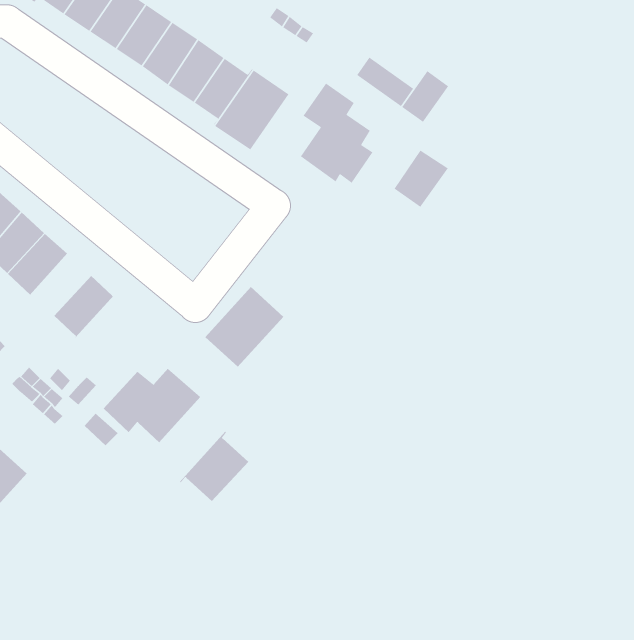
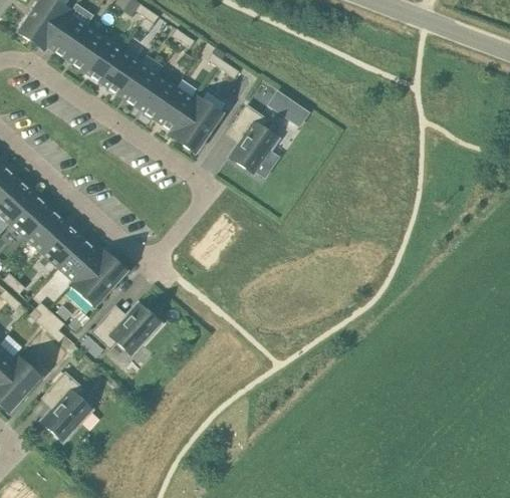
building: [401,70,449,123] -> none
building: [393,150,449,208] -> none
building: none -> [42,224,84,267]
building: [204,286,284,367] -> [71,250,126,306]
building: [179,431,249,502] -> none
building: none -> [41,372,92,442]

